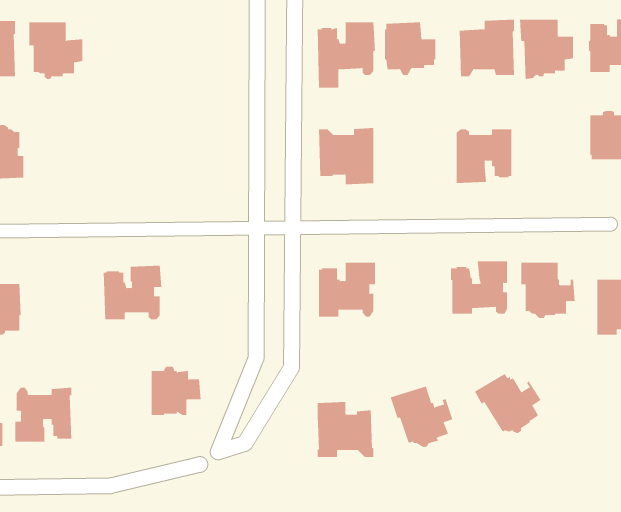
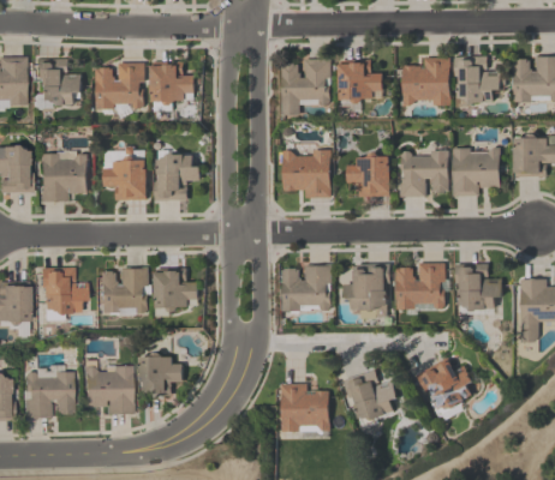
building: none -> [95,62,145,109]
building: none -> [150,62,195,107]
building: none -> [452,146,500,196]
building: none -> [38,152,86,203]
building: none -> [346,152,390,196]
building: none -> [154,154,199,200]
building: none -> [103,156,147,199]
building: none -> [344,264,390,317]
building: none -> [38,268,85,317]
building: none -> [154,268,198,313]
building: none -> [83,366,132,414]

